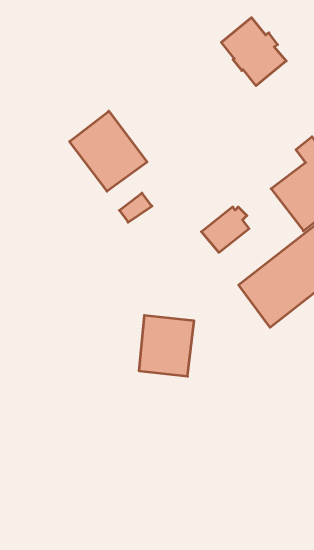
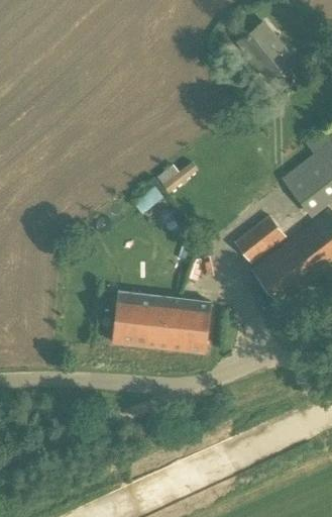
building: [70,111,147,191] -> none
building: [201,207,249,252] -> [240,218,285,261]
building: none -> [113,292,163,348]

